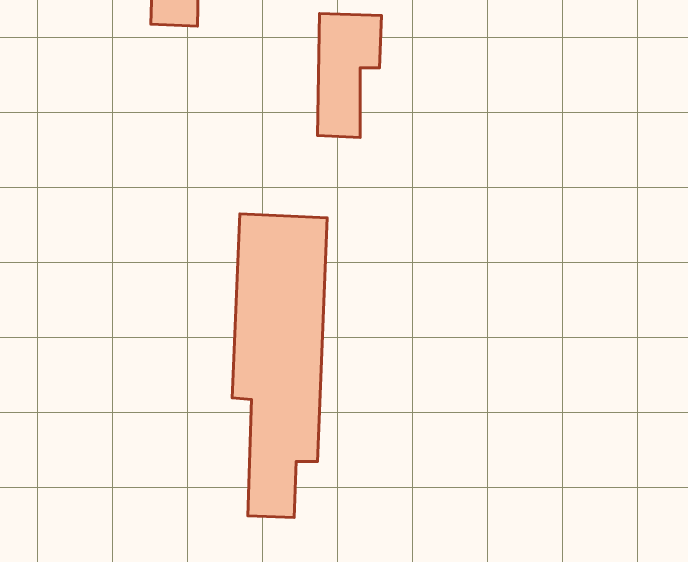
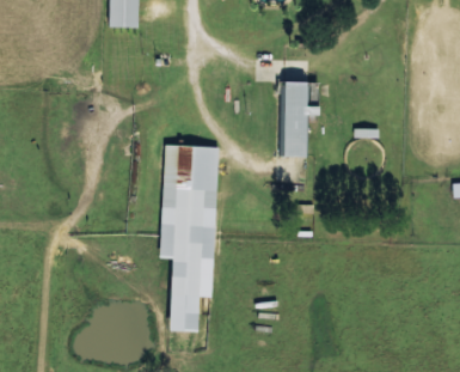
building: [318,14,381,137] -> [281,81,320,158]

